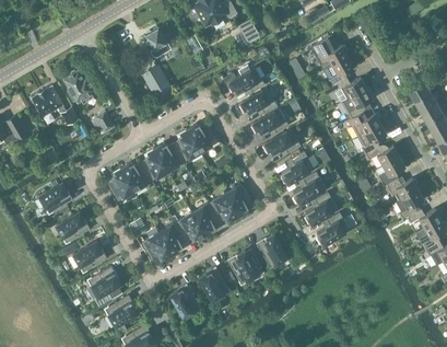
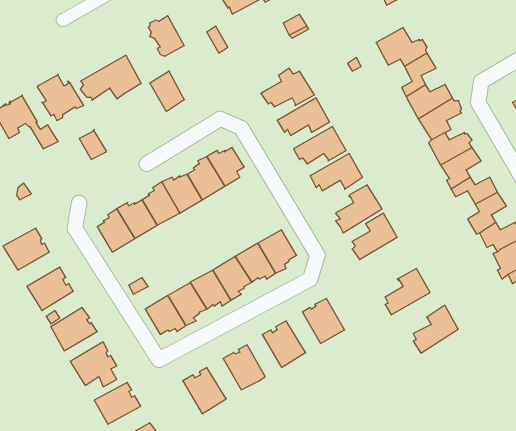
building: none -> [81,55,141,100]
building: [305,192,338,227] -> [413,305,458,353]

